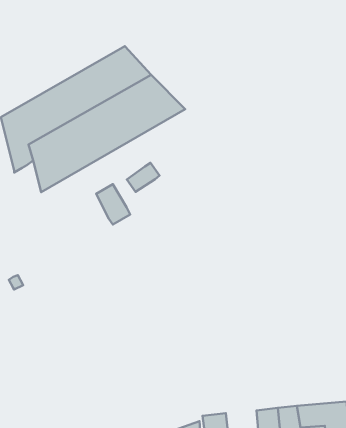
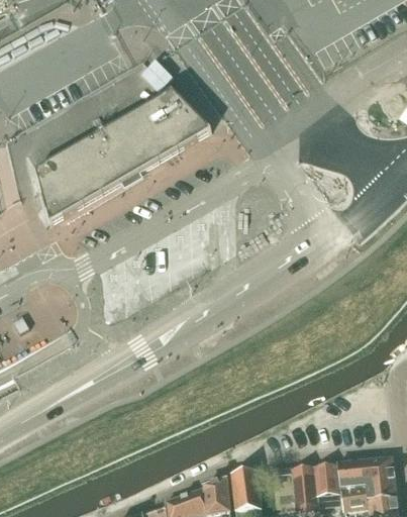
building: [127,163,160,192] -> none
building: [96,184,130,225] -> none

